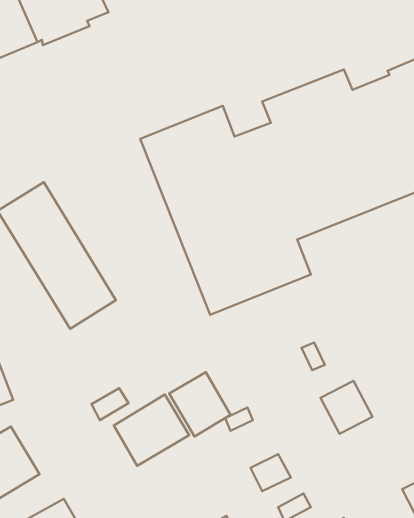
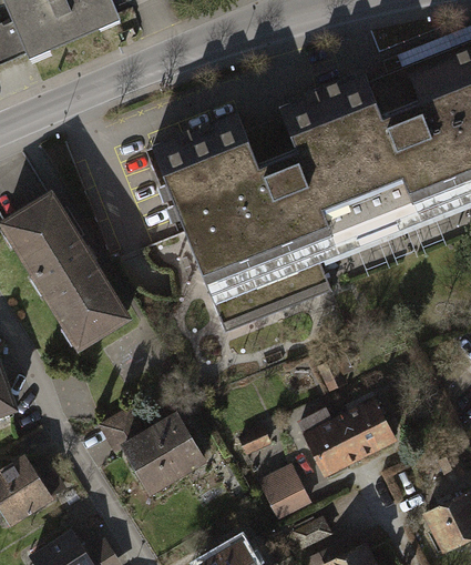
building: [169,372,230,437] -> none
building: none -> [299,410,360,473]

